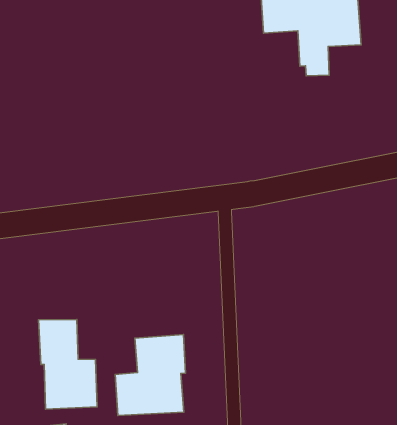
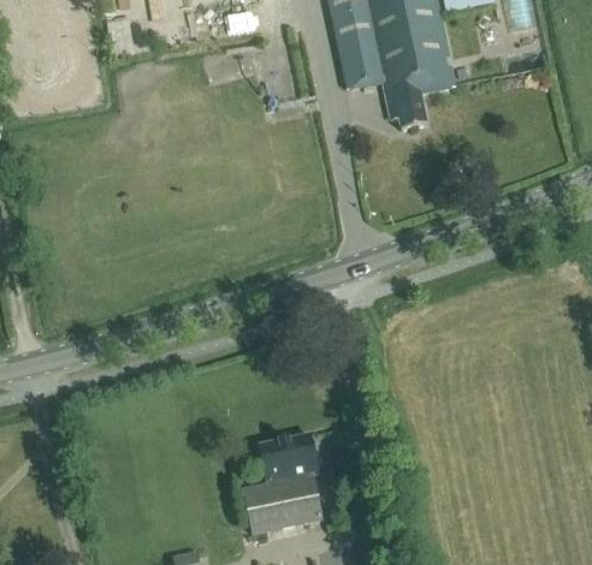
building: [39,319,97,409] -> none

